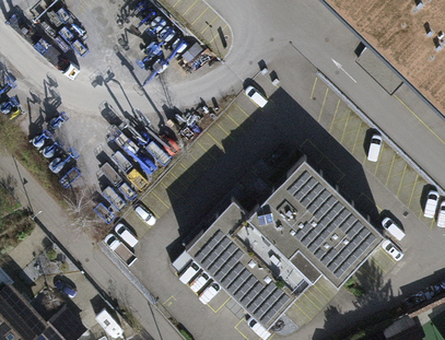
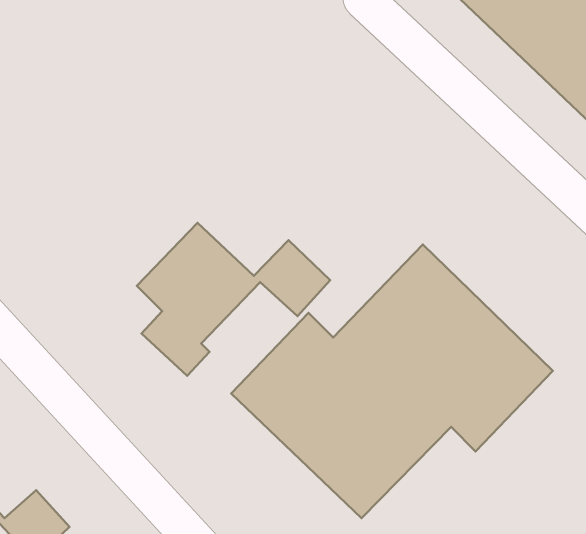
building: none -> [137,223,330,376]

